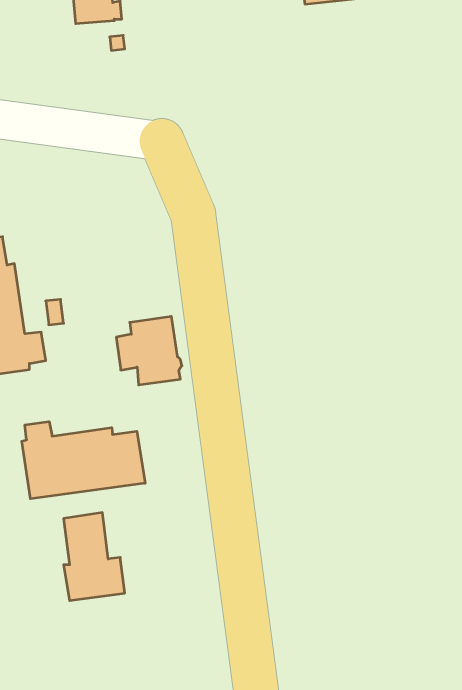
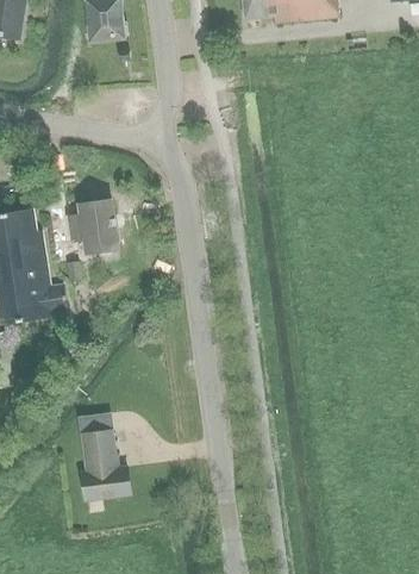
building: [116,316,182,385] -> [67,198,119,252]
building: [22,422,145,499] -> none

